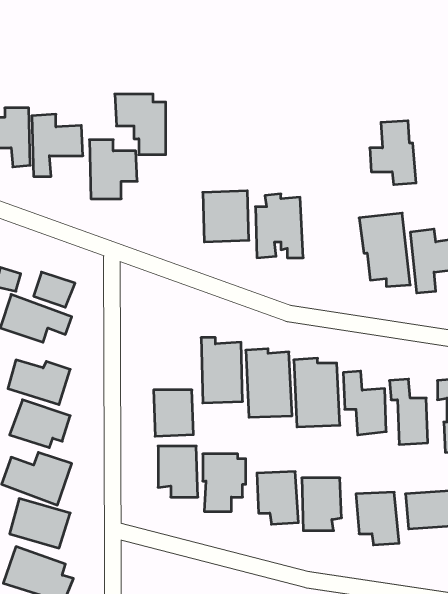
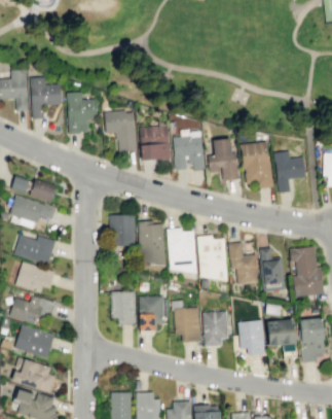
building: [115,94,166,155] -> [104,111,137,150]
building: [370,121,416,185] -> [209,139,238,180]
building: [154,390,193,436] -> [110,215,136,245]

